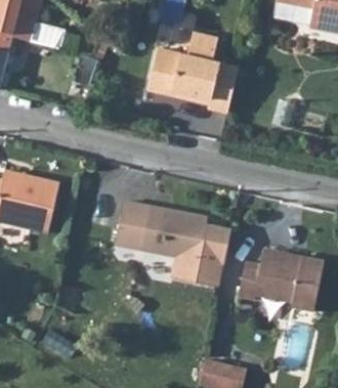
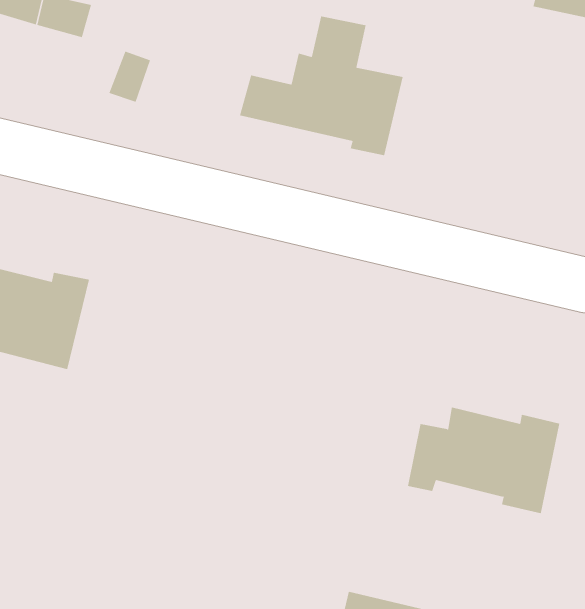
building: [116,201,233,290] -> none

